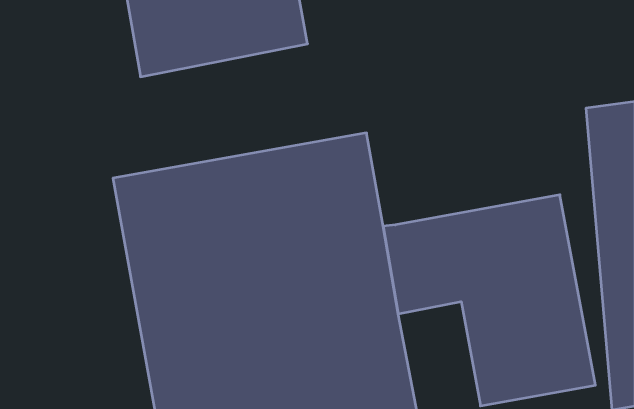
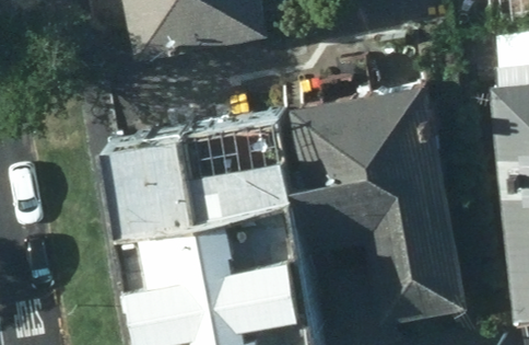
building: none -> [320,76,467,183]

